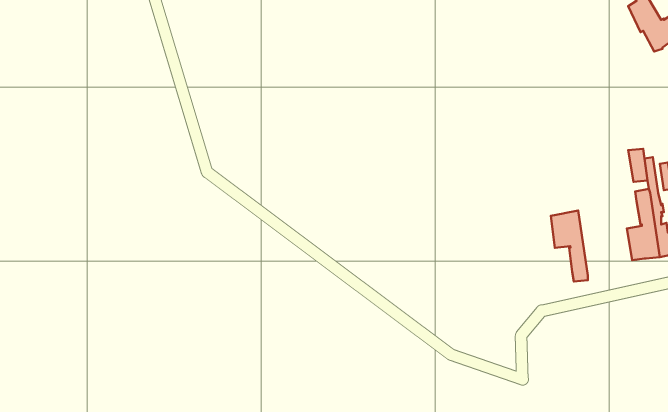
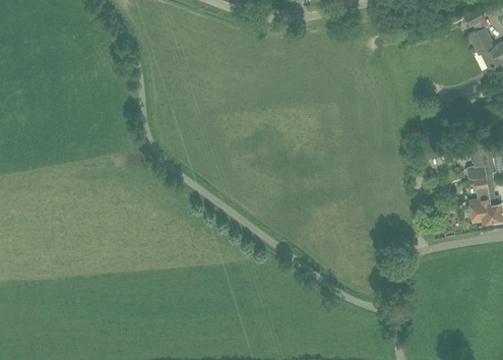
building: [551,210,588,281] -> none

